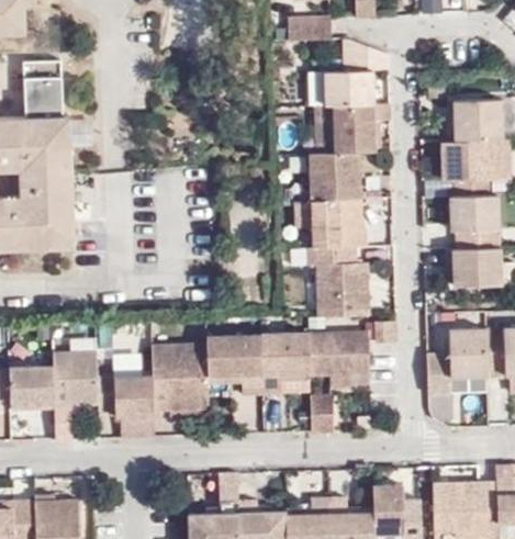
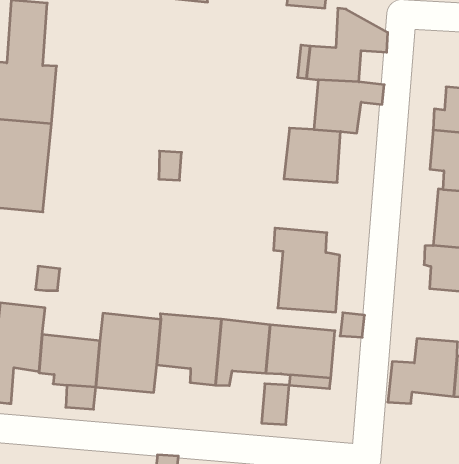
building: [293,196,363,246] -> none

